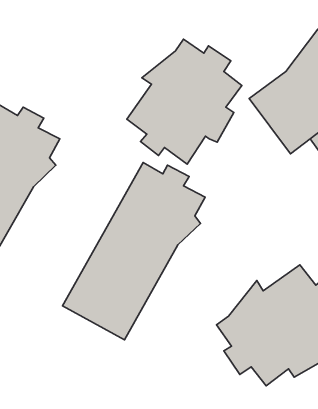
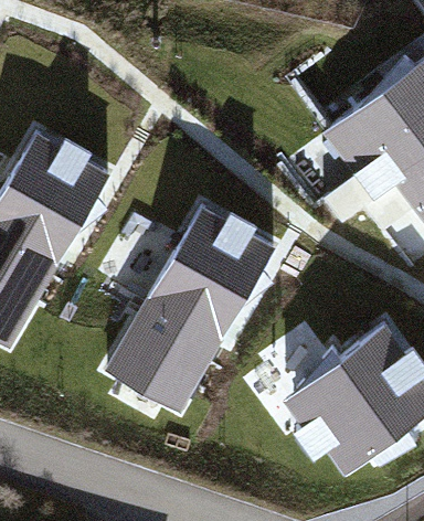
building: [127,39,242,164] -> none

